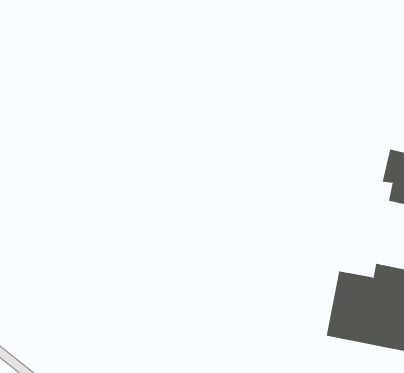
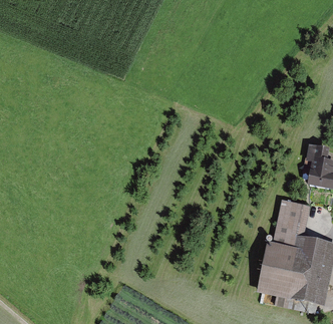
building: none -> [274,201,308,244]

